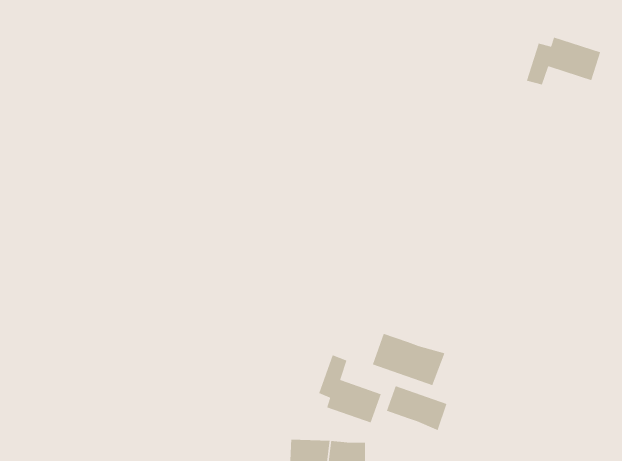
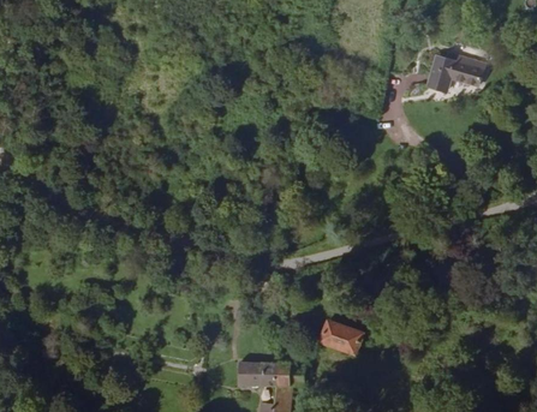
building: [372,333,445,386] -> none
building: [318,354,382,424] -> none

